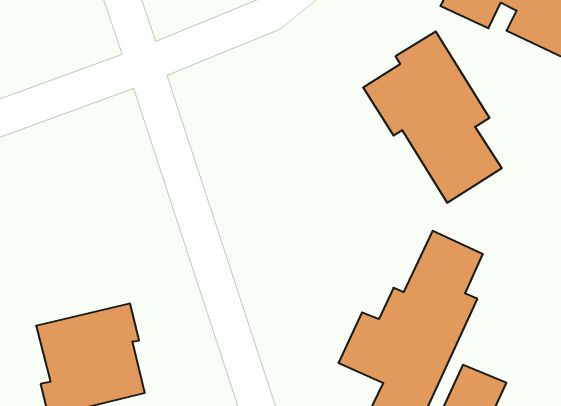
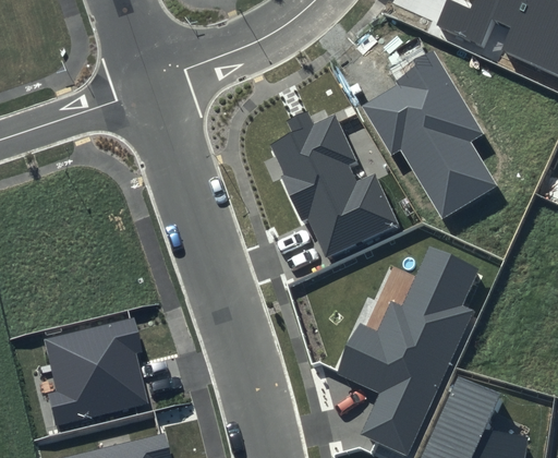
building: none -> [271,111,400,263]

